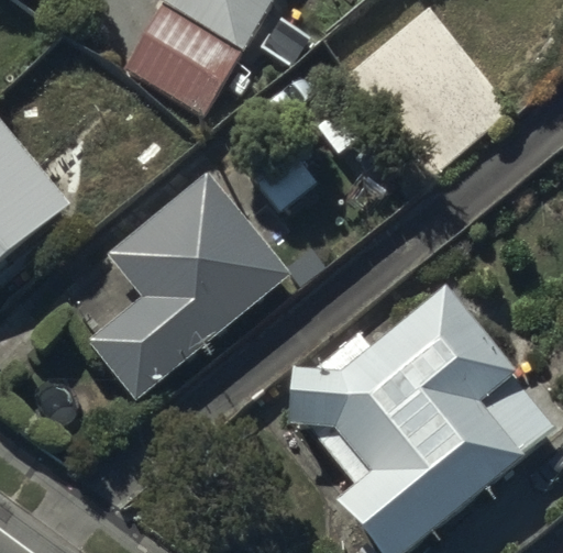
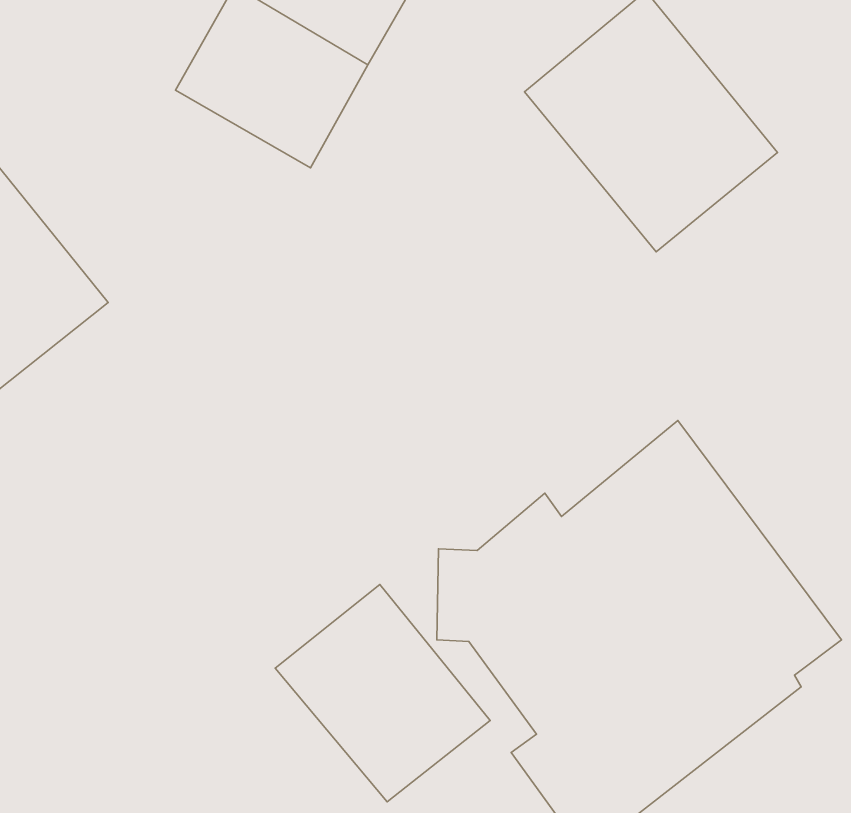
building: [84,175,290,403] -> none
building: none -> [275,585,490,802]

